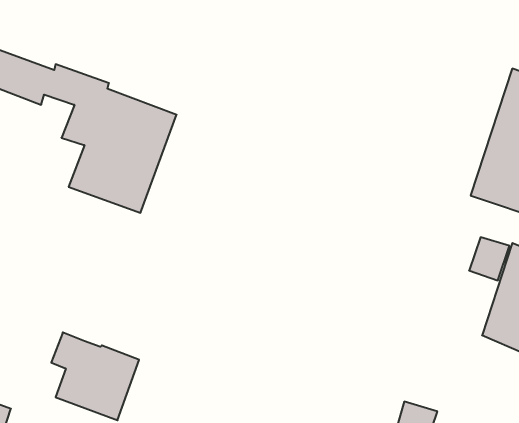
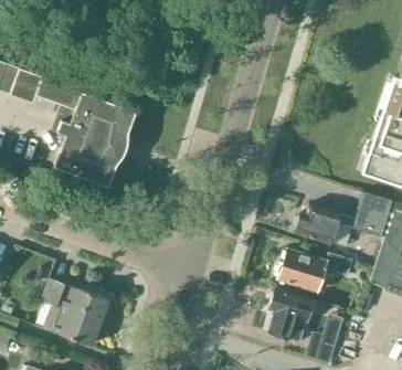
building: none -> [296,205,361,243]
building: none -> [279,249,353,292]
building: none -> [269,288,330,339]

